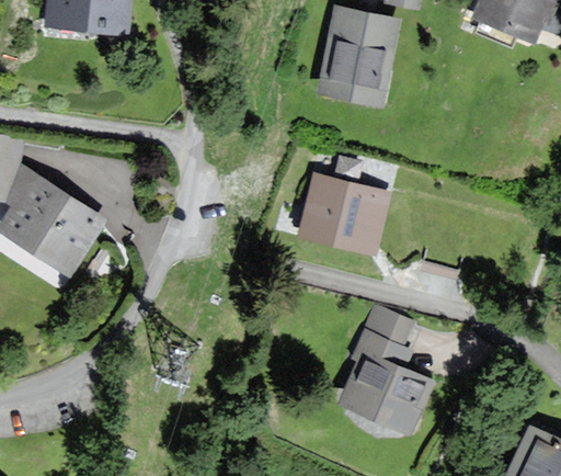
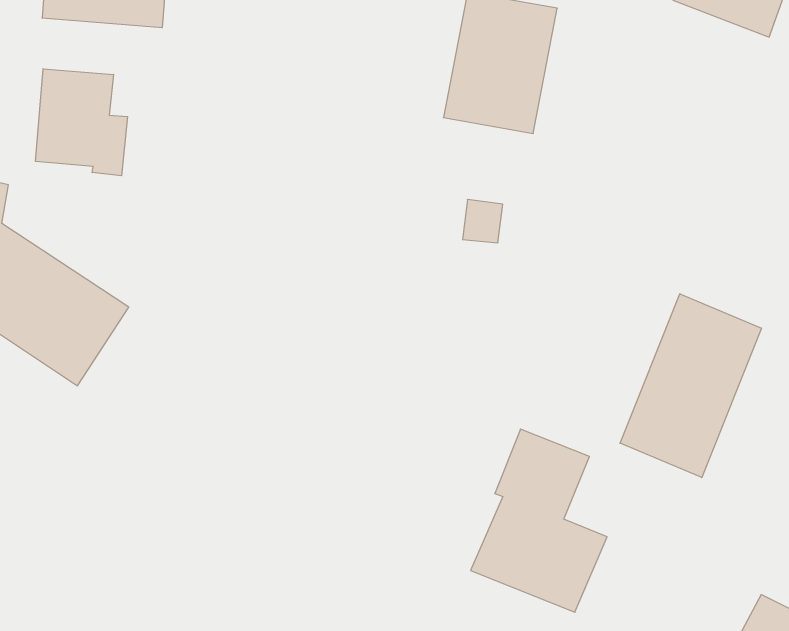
building: none -> [36,69,128,176]
building: [302,182,382,250] -> none
building: none -> [620,294,761,478]

